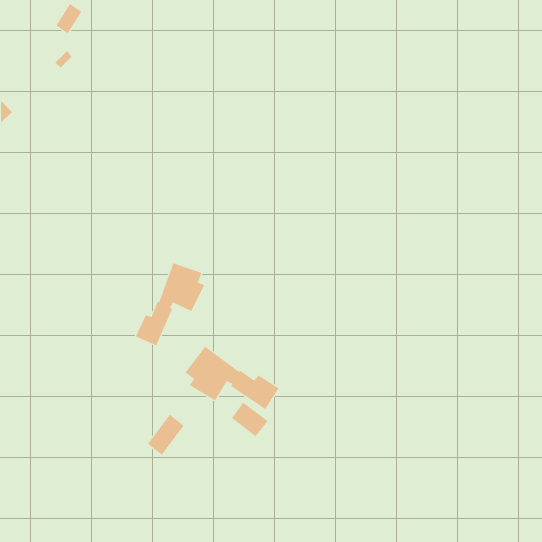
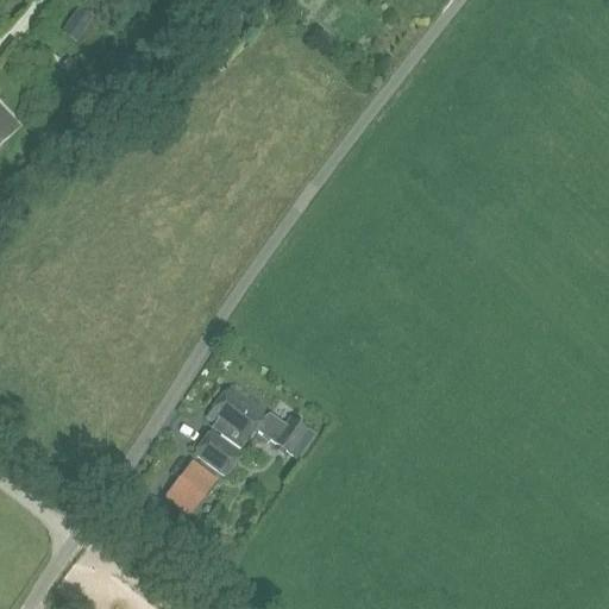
building: [135,263,205,346] -> none
building: [231,402,269,437] -> [199,429,240,469]

